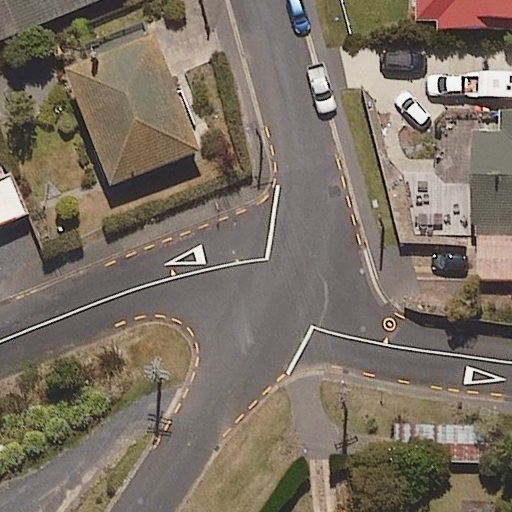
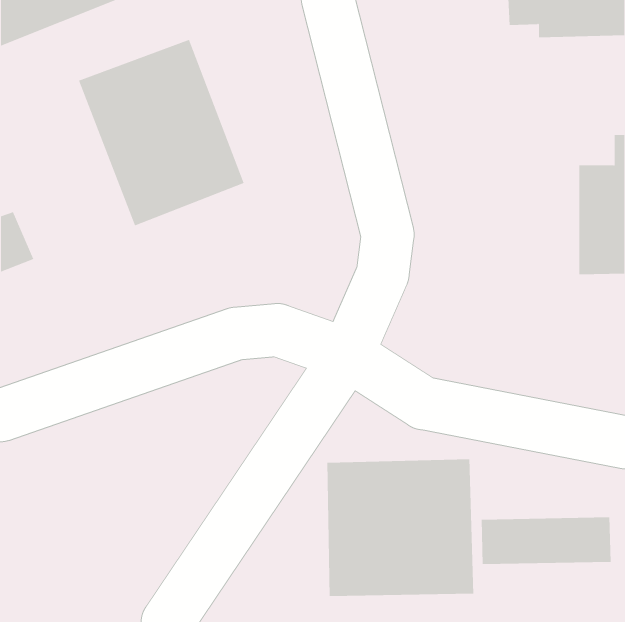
building: none -> [327,459,474,597]

